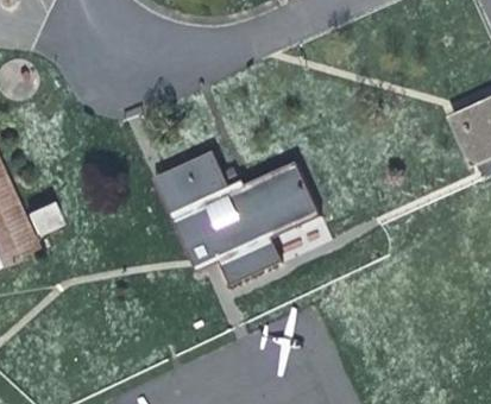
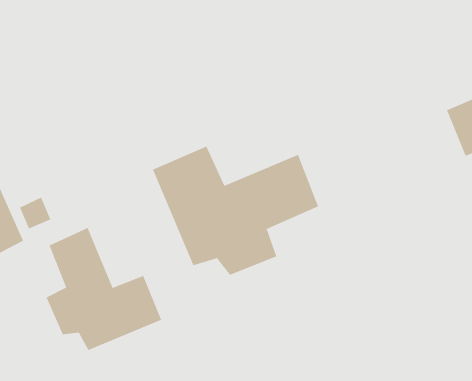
building: none -> [46,227,162,351]

